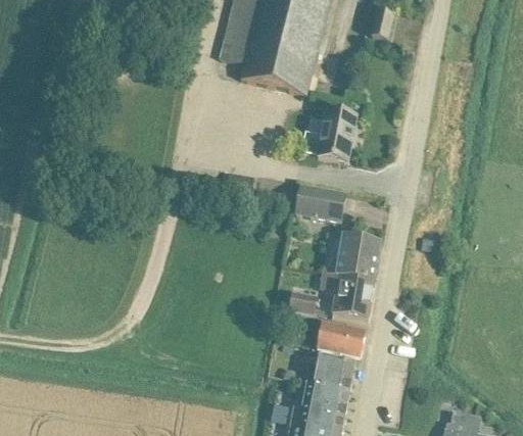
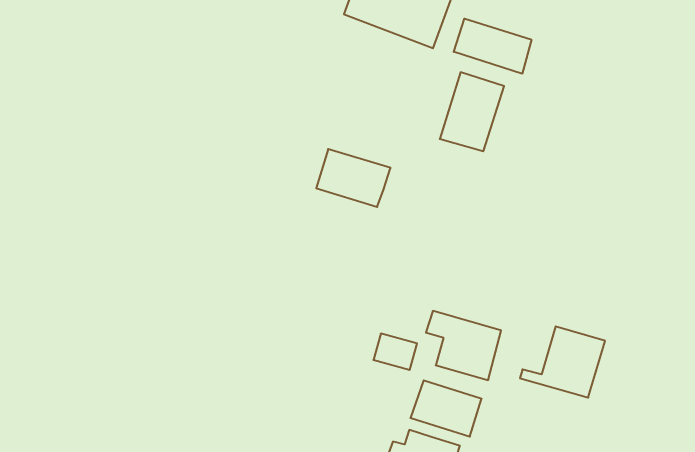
building: none -> [454,19,531,74]
building: [295,185,344,221] -> [316,149,391,207]
building: [324,235,379,281] -> [520,326,605,398]

